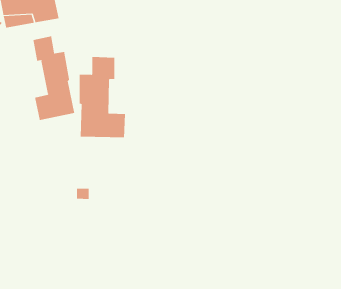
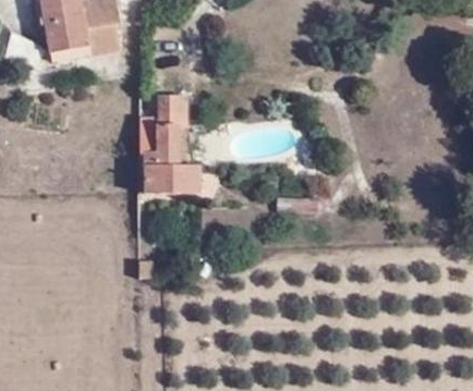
building: [33,35,75,121] -> none

